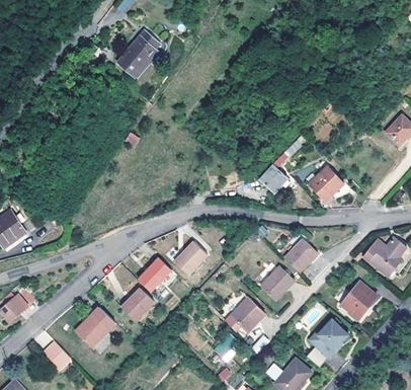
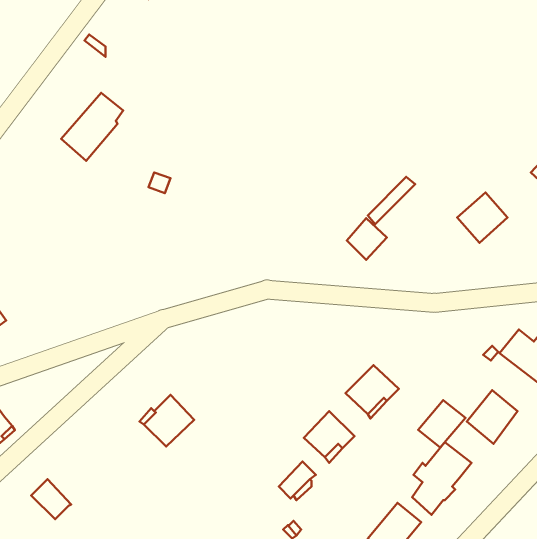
building: [115,31,158,78] -> [61,93,123,161]
building: [308,166,342,201] -> [457,192,508,243]
building: [286,240,319,272] -> [418,400,465,447]
building: [176,243,209,275] -> none
building: [138,256,172,290] -> none
building: [79,308,115,347] -> none

